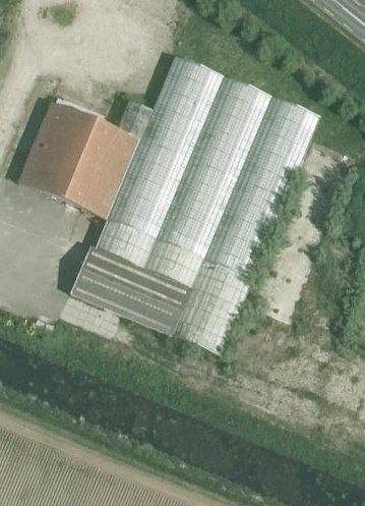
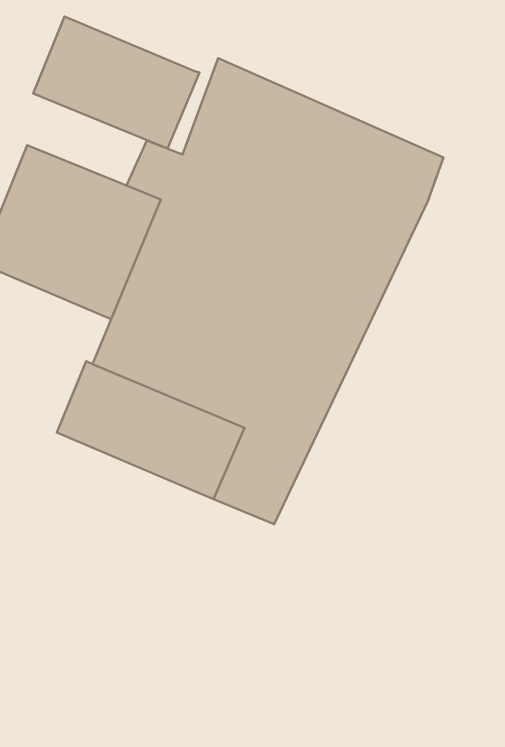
building: none -> [33,16,200,149]

